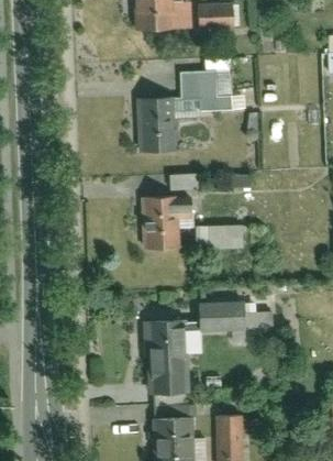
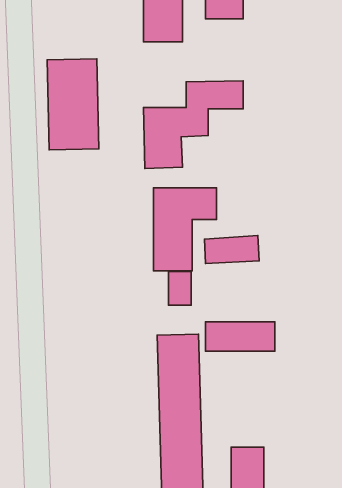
building: none -> [47,59,99,150]
building: none -> [168,271,191,305]

